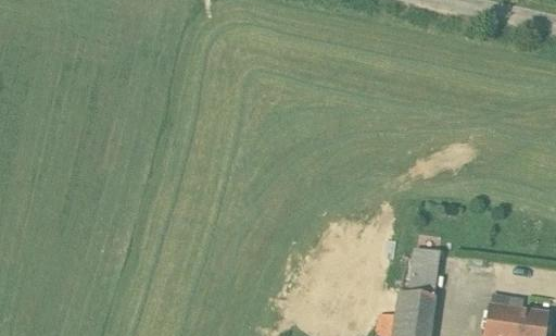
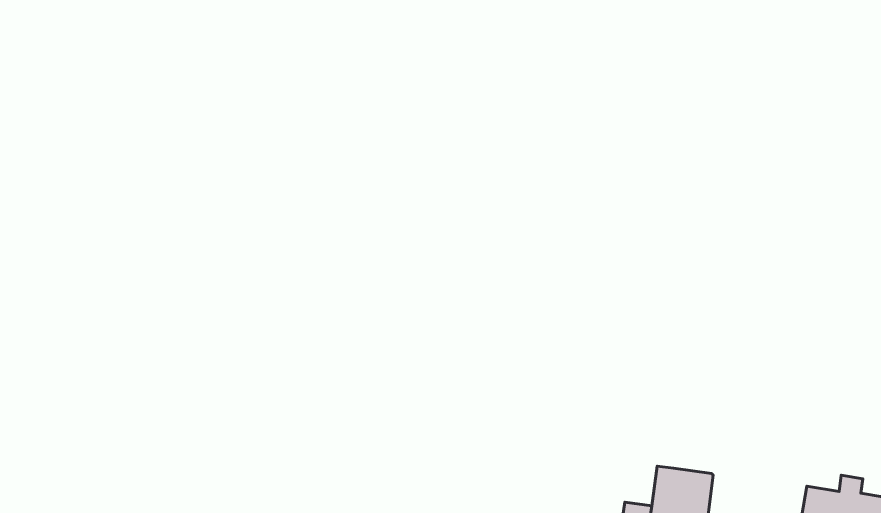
building: [409,247,439,295] -> none

